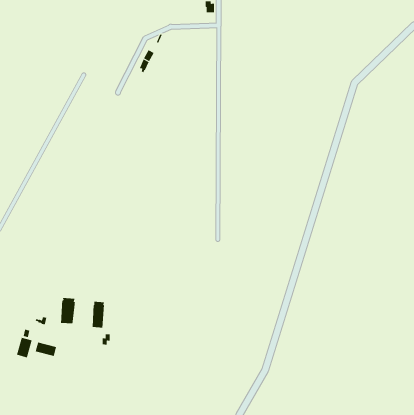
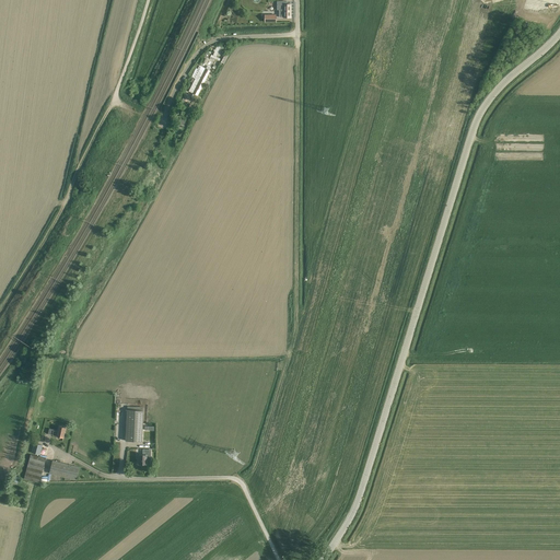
building: [60,297,75,324] -> none

